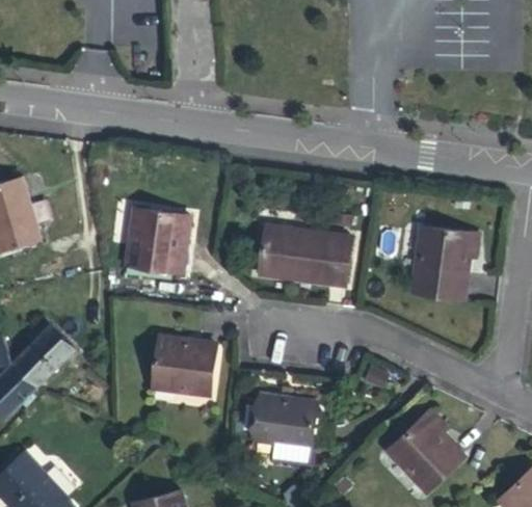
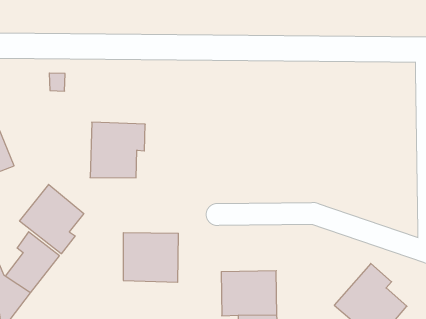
building: [264,222,350,286] -> none
building: [415,226,486,297] -> none
building: none -> [20,184,84,254]

